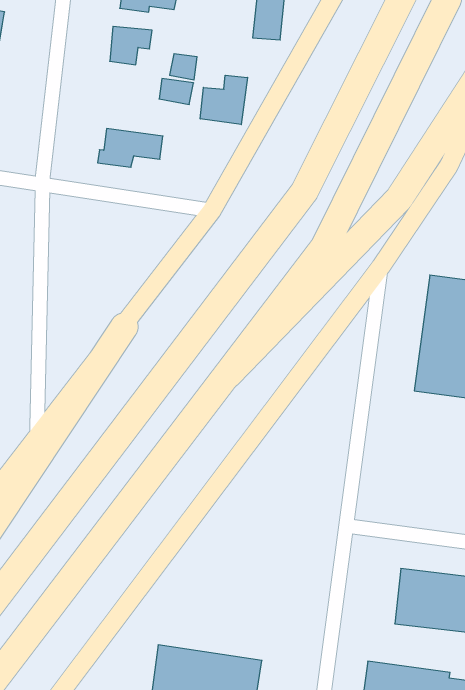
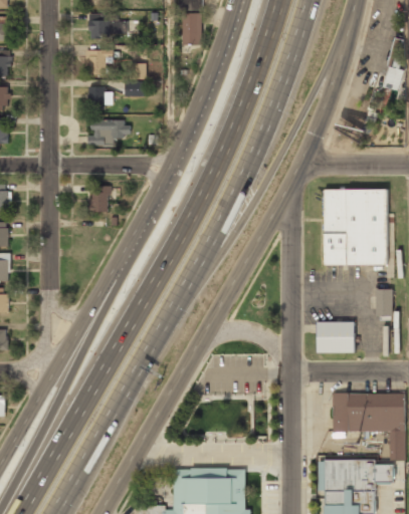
building: [200,75,248,125] -> none
building: none -> [87,86,113,109]
building: none -> [87,186,109,211]
building: none -> [316,321,354,352]

